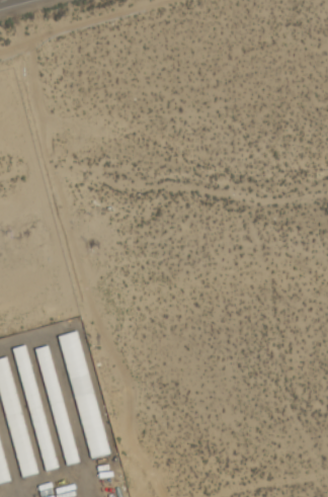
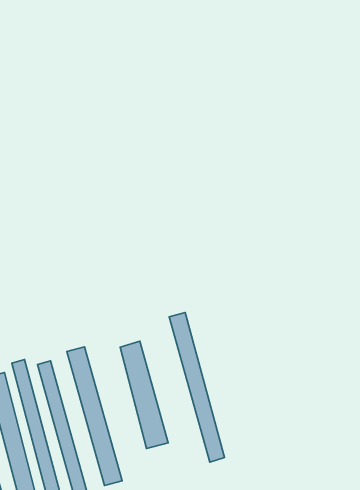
building: none -> [169,313,224,462]
building: none -> [120,341,168,449]

